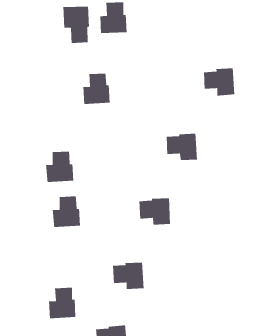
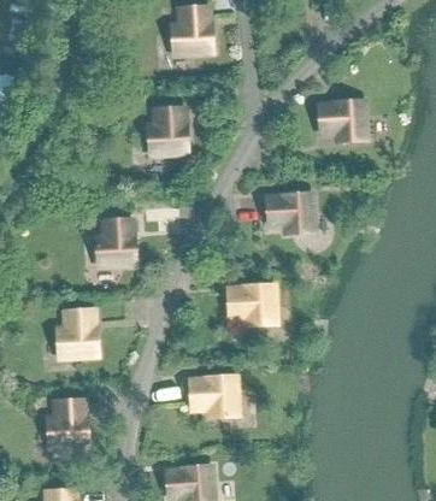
building: [63,6,90,44] -> none
building: [52,196,81,228] -> [57,310,98,355]
building: [48,287,76,319] -> [48,400,88,446]

